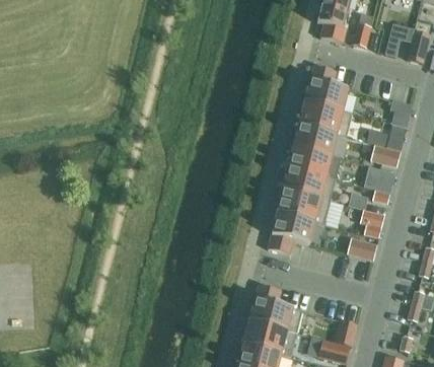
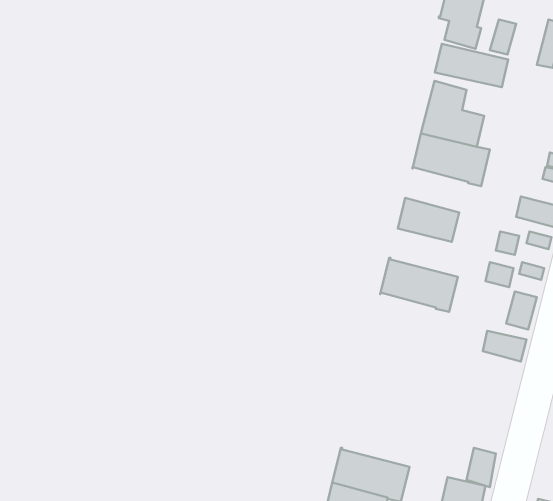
building: none -> [435,44,508,87]
building: [293,126,337,157] -> none
building: [282,168,336,202] -> none
building: [268,213,314,254] -> none
building: [248,285,302,334] -> none

